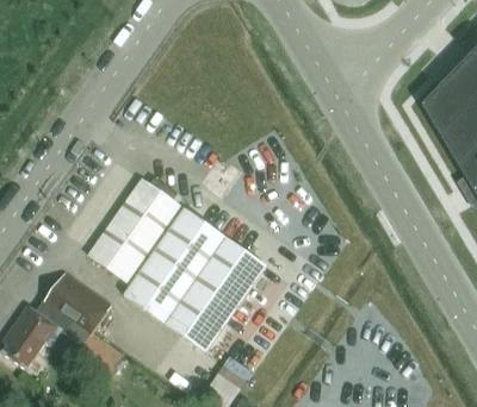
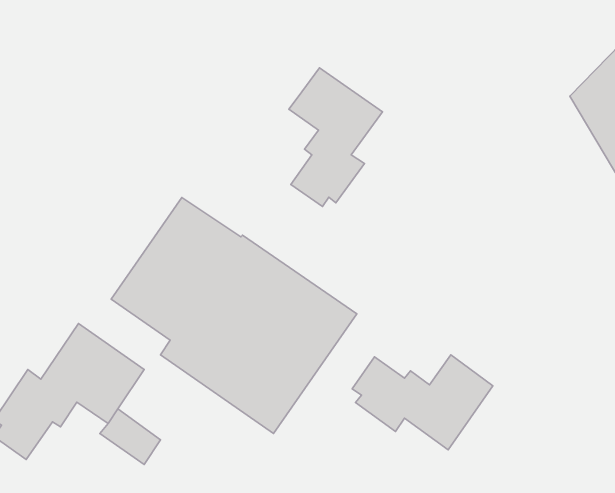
building: none -> [289,68,383,206]
building: none -> [352,355,493,450]

